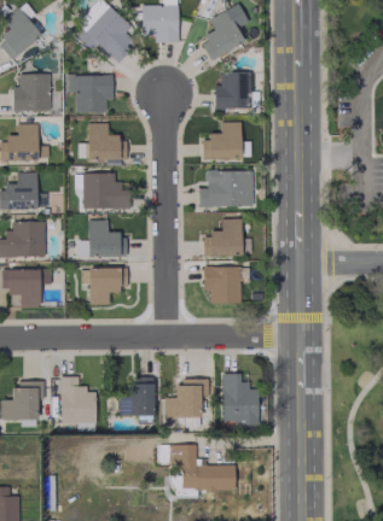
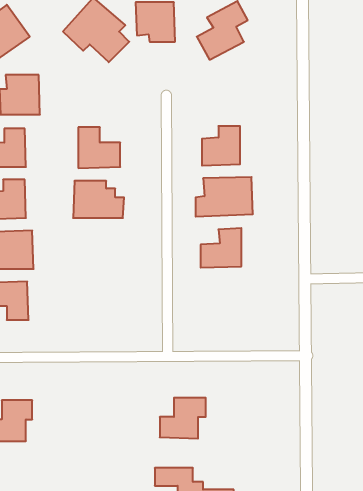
building: [214,72,251,109] -> none
building: [65,75,112,112] -> none
building: [87,219,127,257] -> none
building: [203,267,249,303] -> none
building: [88,268,127,304] -> none
building: [221,373,257,426] -> none
building: [59,376,95,423] -> none
building: [118,376,153,416] -> none

